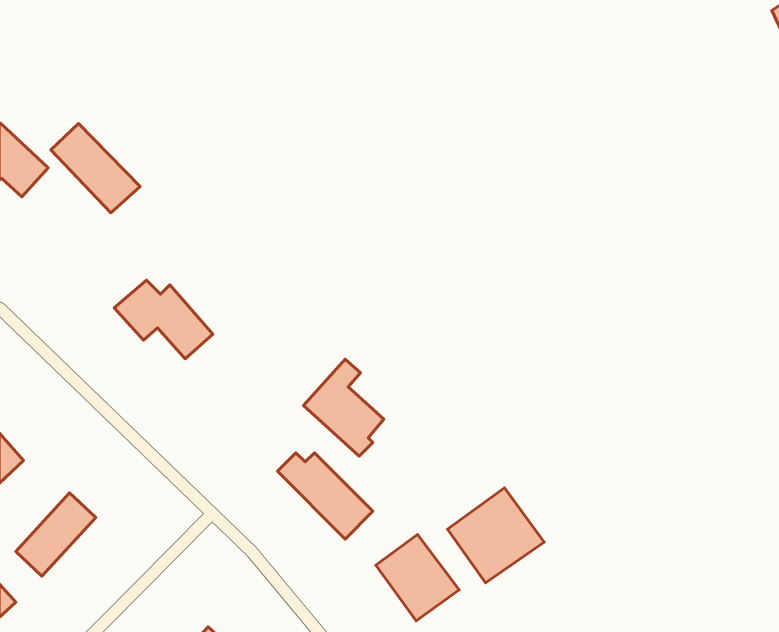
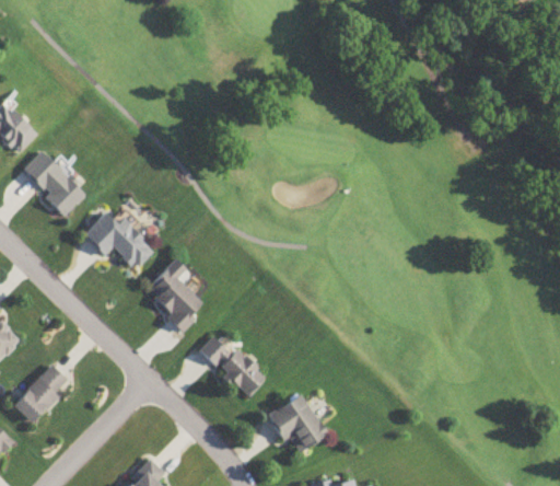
building: [51,123,140,213] -> [21,151,84,215]
building: [304,359,384,456] -> [144,259,201,328]
building: [447,488,544,583] -> none

